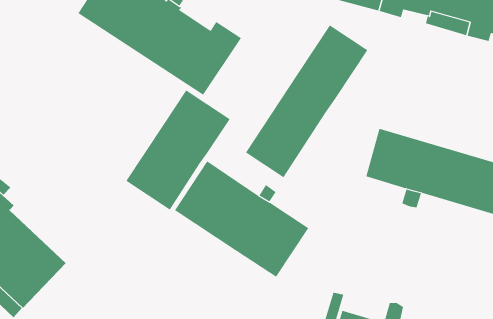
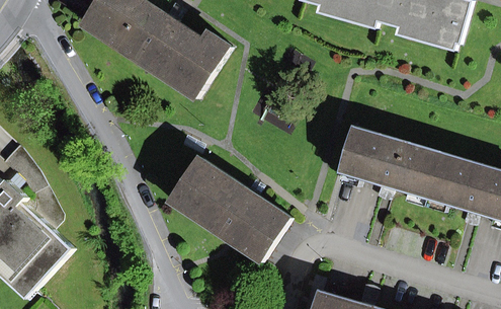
building: [245,24,368,178] -> none
building: [126,89,231,211] -> none

